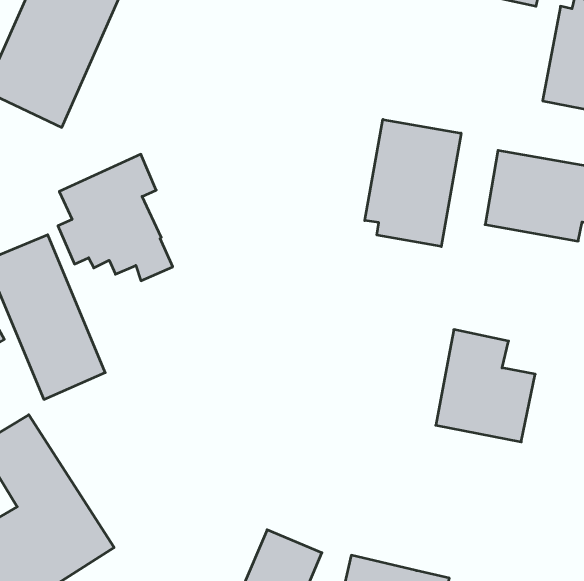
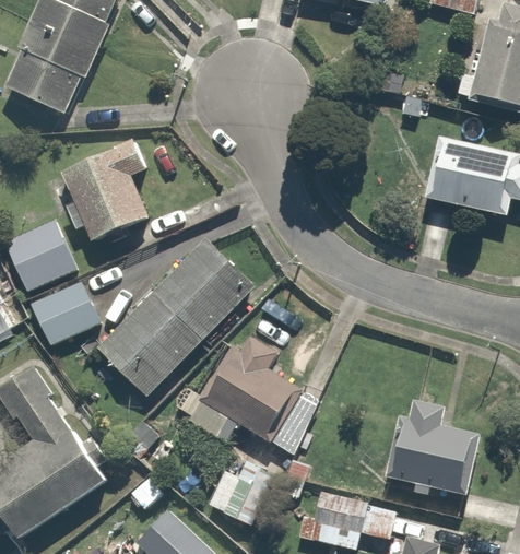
building: [365,119,461,247] -> none
building: none -> [95,241,253,400]
building: [436,330,535,442] -> [388,396,473,492]
building: none -> [185,328,298,444]

